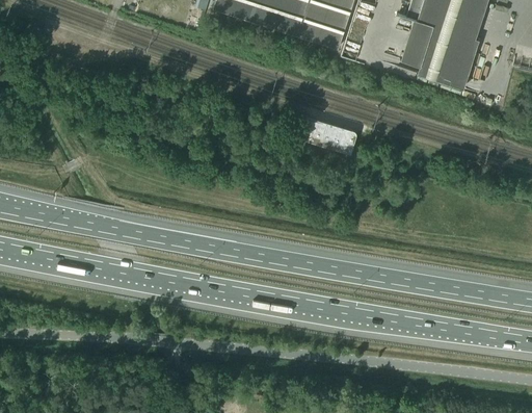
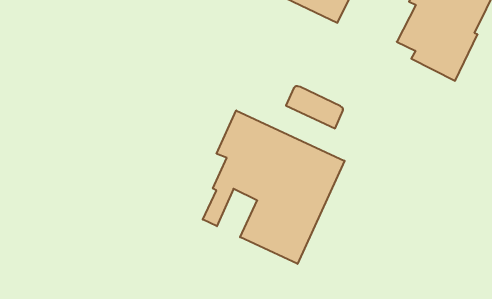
building: none -> [203,110,345,264]

